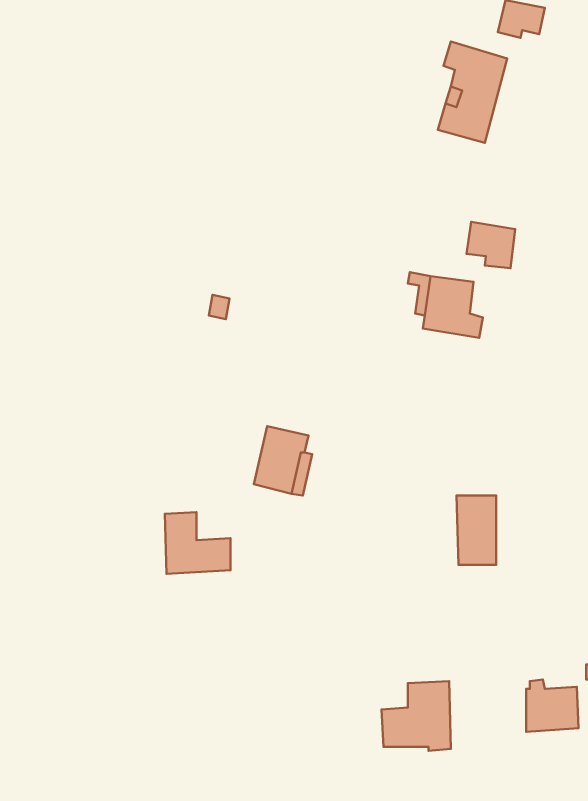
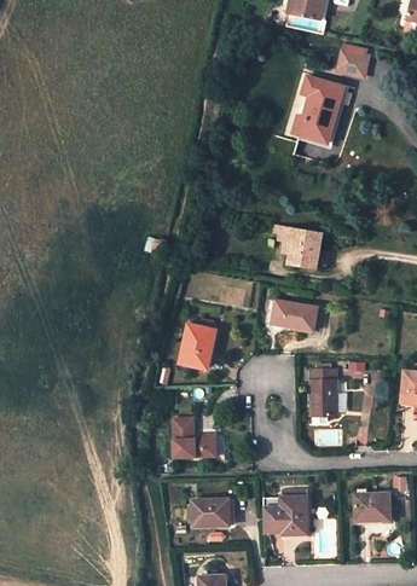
building: [467,222,515,268] -> none
building: none -> [272,300,318,331]
building: [165,512,230,574] -> [173,418,215,458]
building: none -> [187,498,230,527]

